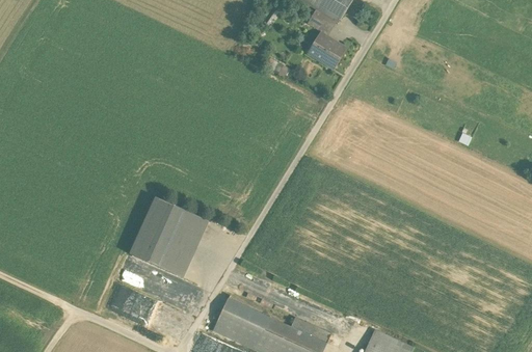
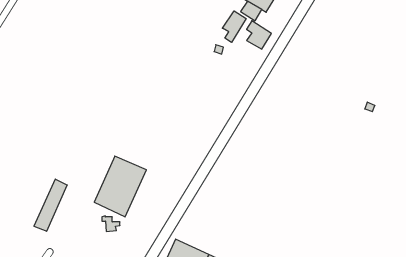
building: none -> [222,11,246,42]
building: [166,214,207,277] -> [34,179,67,231]

